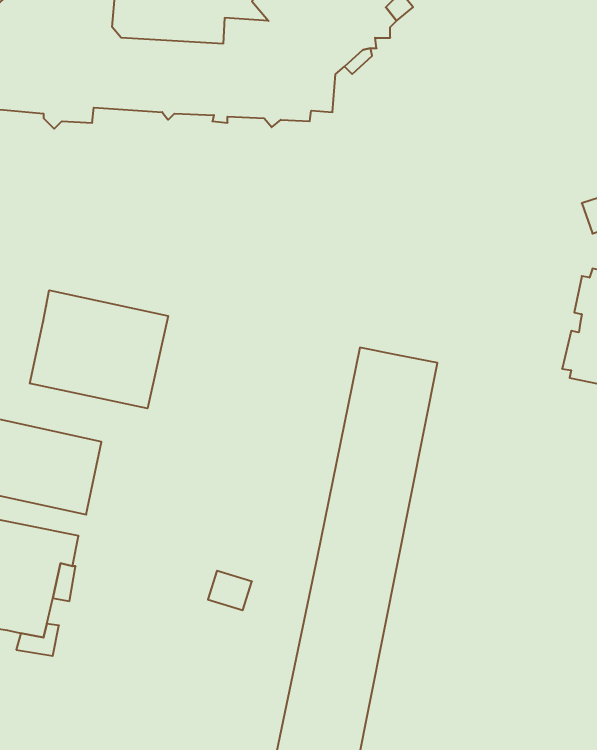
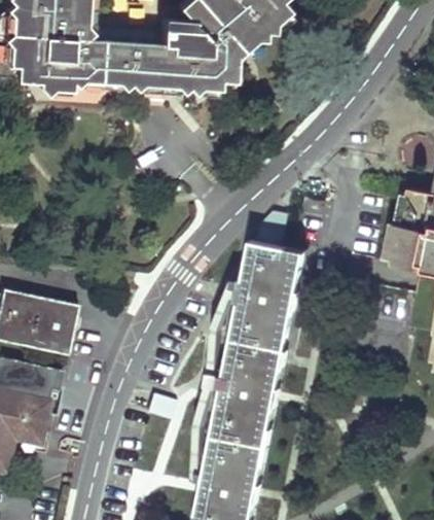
building: [30,290,168,408] -> none

